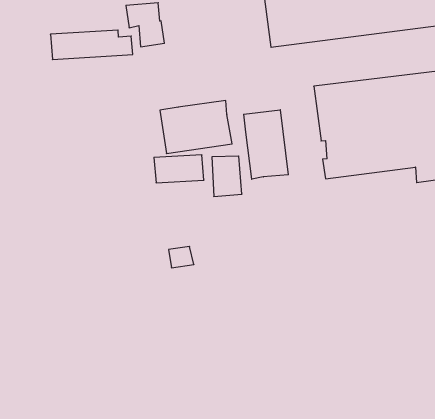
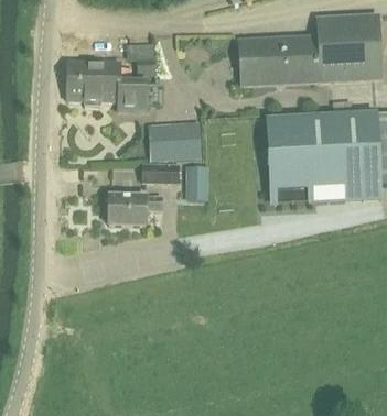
building: none -> [68,79,148,110]
building: [244,110,288,179] -> none
building: none -> [108,194,162,225]

